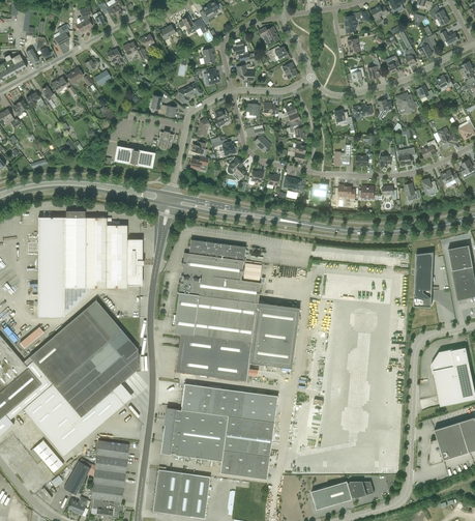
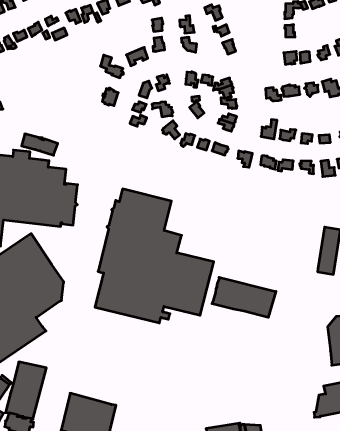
building: [115,147,154,167] -> [22,134,58,155]
building: none -> [212,277,276,317]
building: [160,383,277,479] -> none

